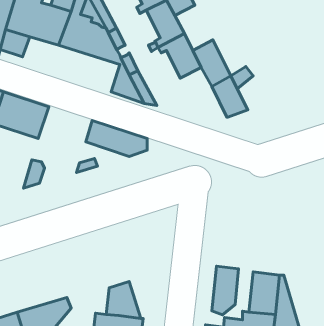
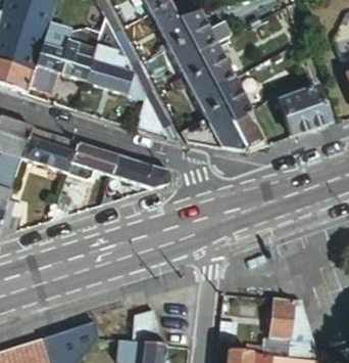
building: none -> [197,41,234,85]
building: none -> [281,85,330,133]
building: none -> [182,101,247,149]
building: none -> [65,139,117,177]
building: [212,266,238,315] -> none

